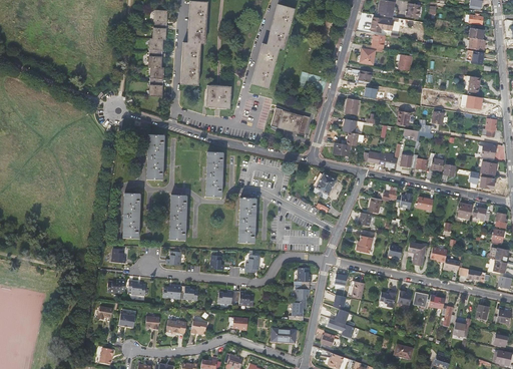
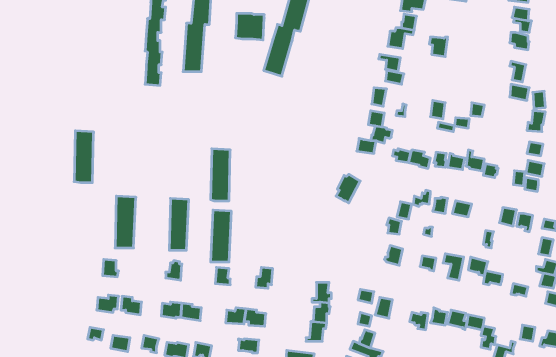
building: [205,84,230,107] -> [235,13,264,40]
building: [271,106,311,132] -> none
building: [146,133,163,178] -> [74,131,94,183]
building: [237,197,255,242] -> [211,210,231,262]

